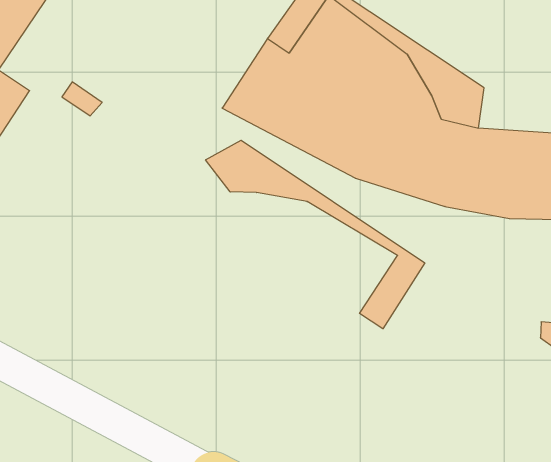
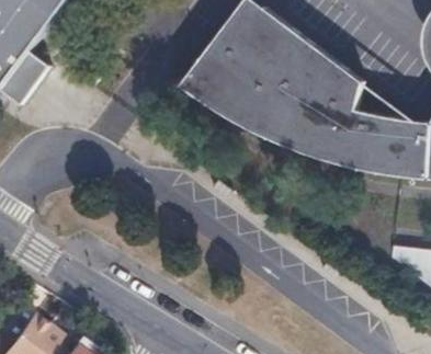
building: [206,140,425,329] -> none

